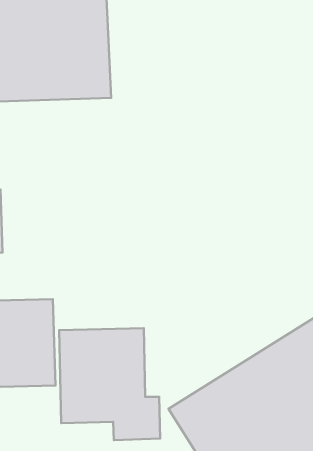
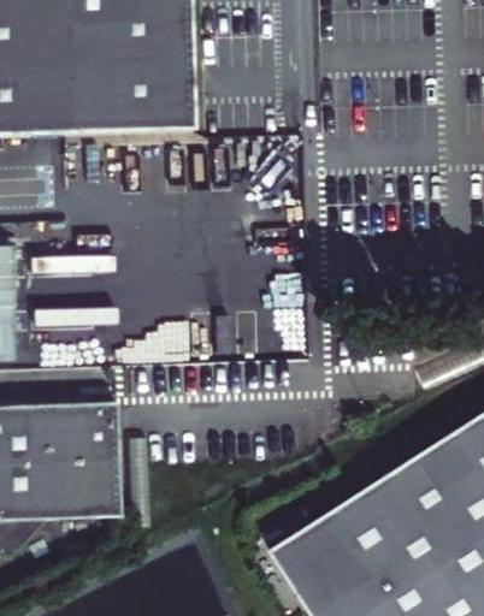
building: [59,328,160,440] -> none

